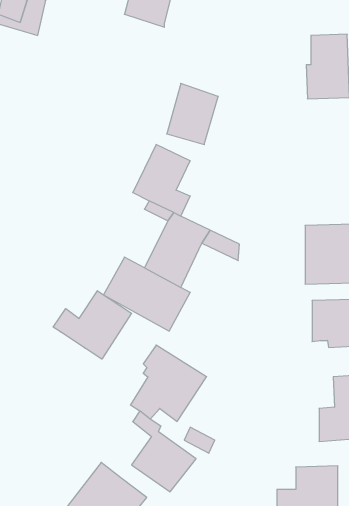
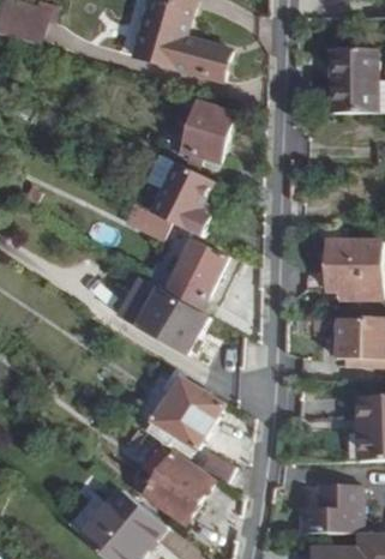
building: none -> [133,26,229,83]
building: [53,291,132,359] -> none

